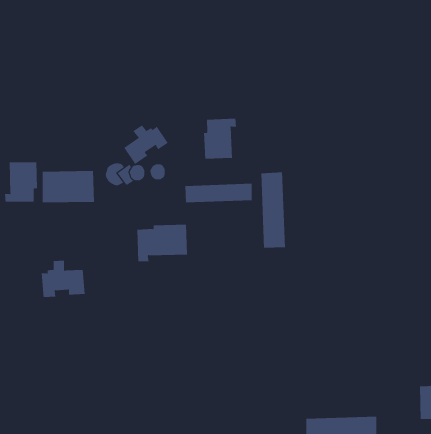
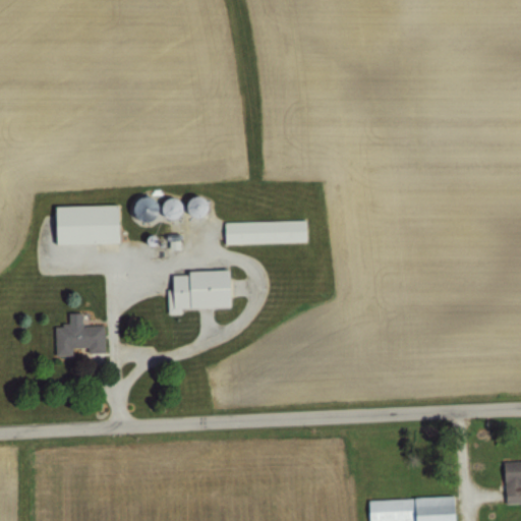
building: [204,118,236,159] -> none
building: [124,125,169,165] -> none
building: [5,162,37,203] -> none
building: [261,171,286,248] -> none

